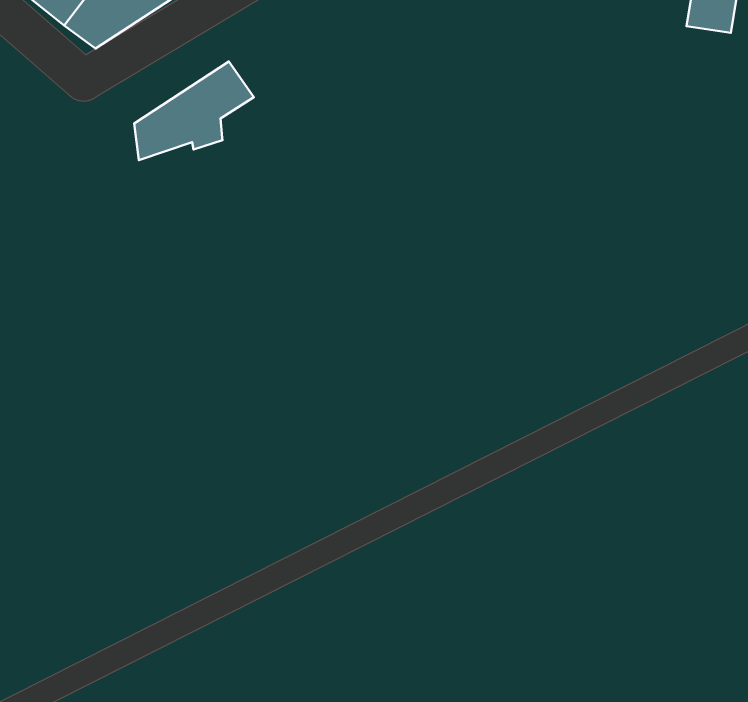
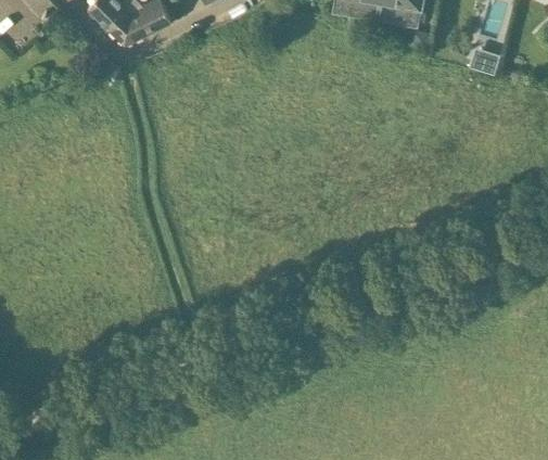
building: [134,62,254,160] -> none

